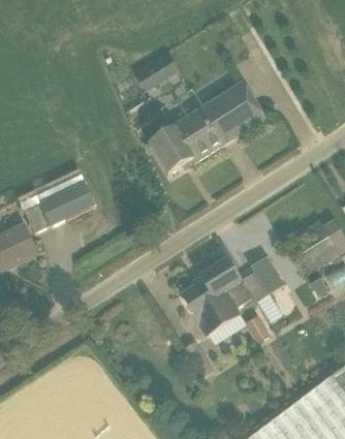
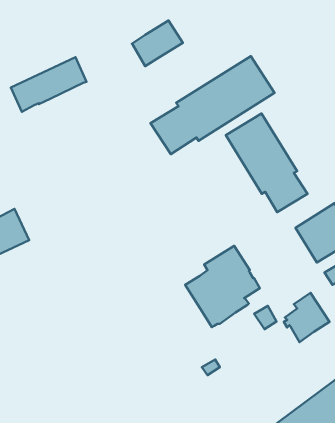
building: none -> [226,114,307,212]
building: [25,183,95,233] -> [11,57,87,112]
building: [242,257,284,303] -> [284,293,330,342]

